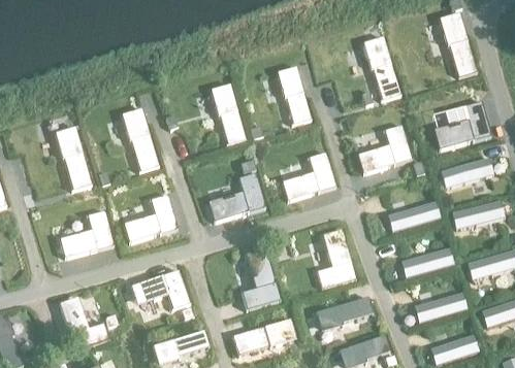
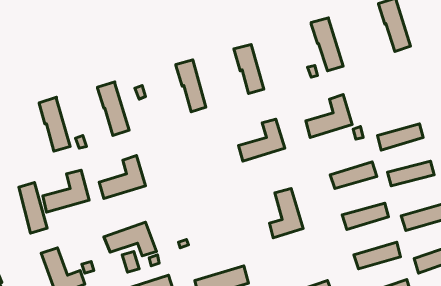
building: [436,102,488,148] -> none
building: [211,173,263,221] -> none
building: none -> [19,182,47,233]
building: [240,252,279,309] -> none
building: [315,296,371,330] -> none

